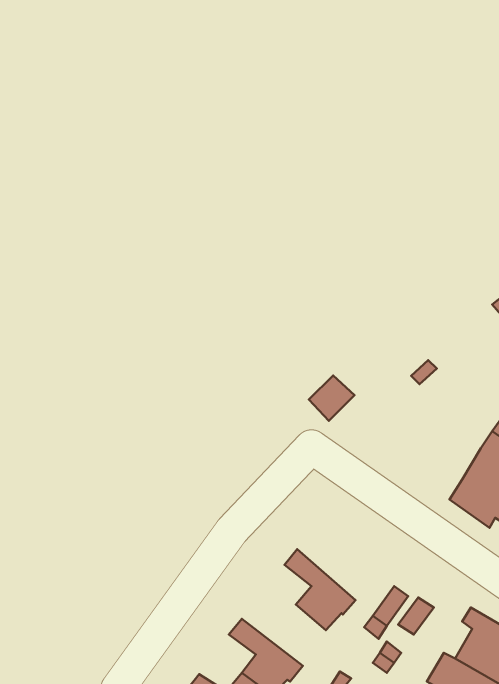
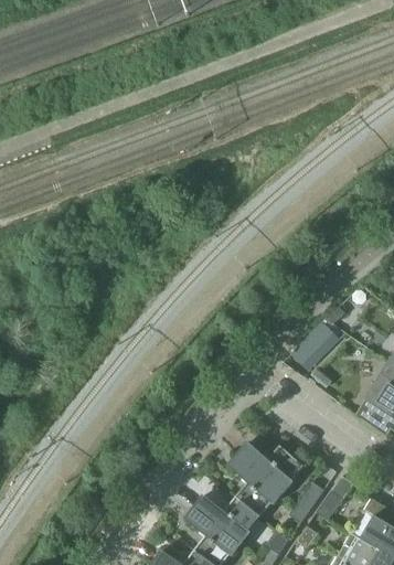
building: [309,375,354,421] -> [301,323,337,359]
building: none -> [236,441,302,492]
building: none -> [193,494,258,543]

